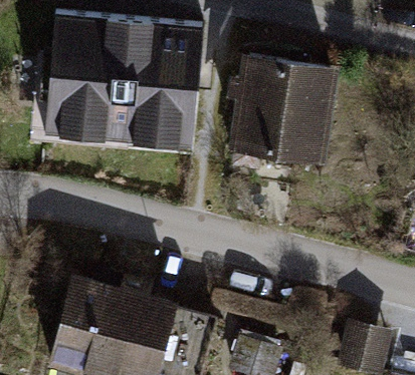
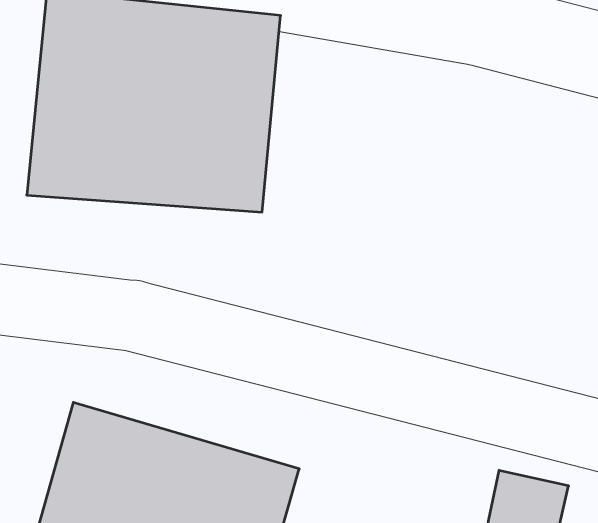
building: [227,51,339,162] -> none

